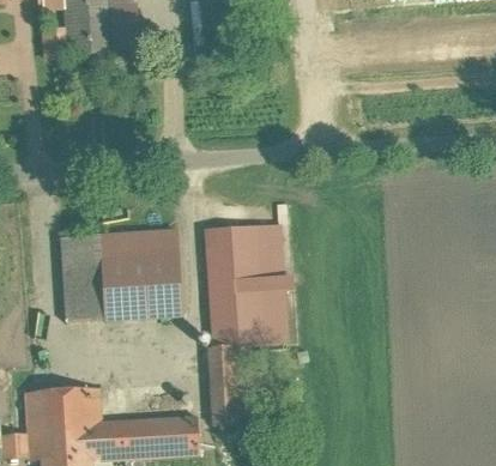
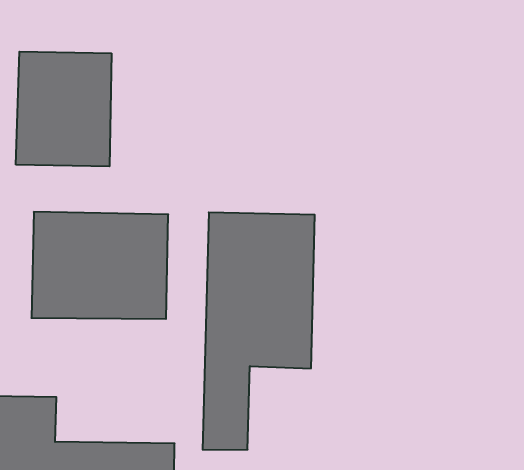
building: none -> [16,52,111,166]

